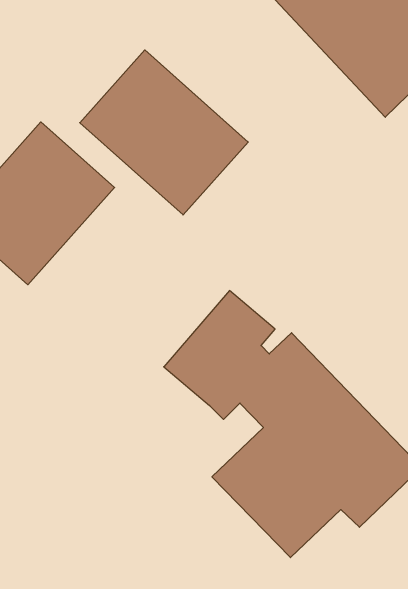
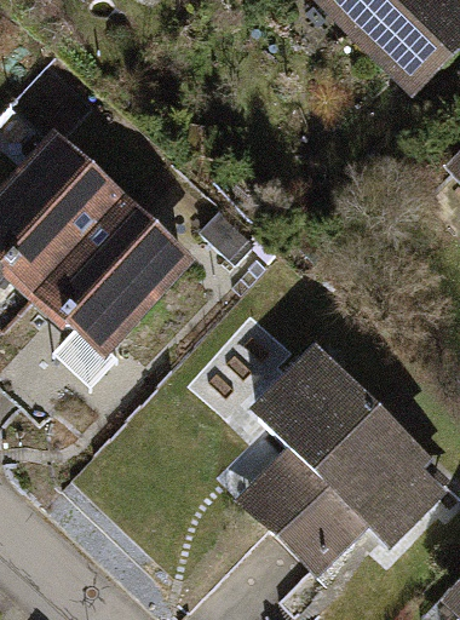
building: [80,50,248,215] -> none
building: none -> [41,196,200,358]

